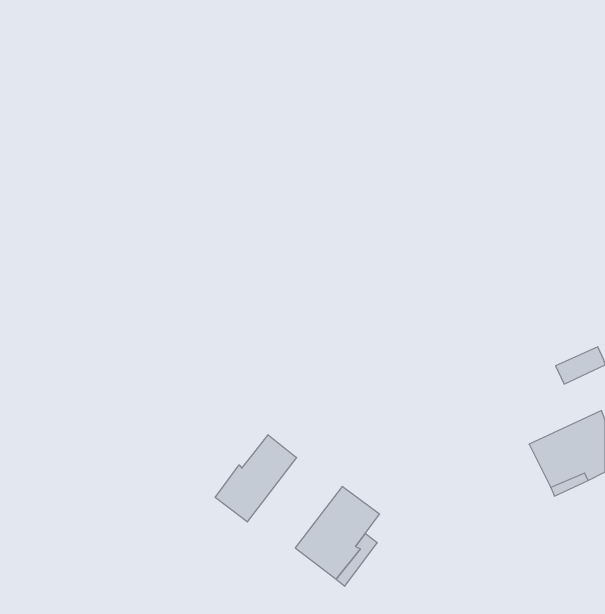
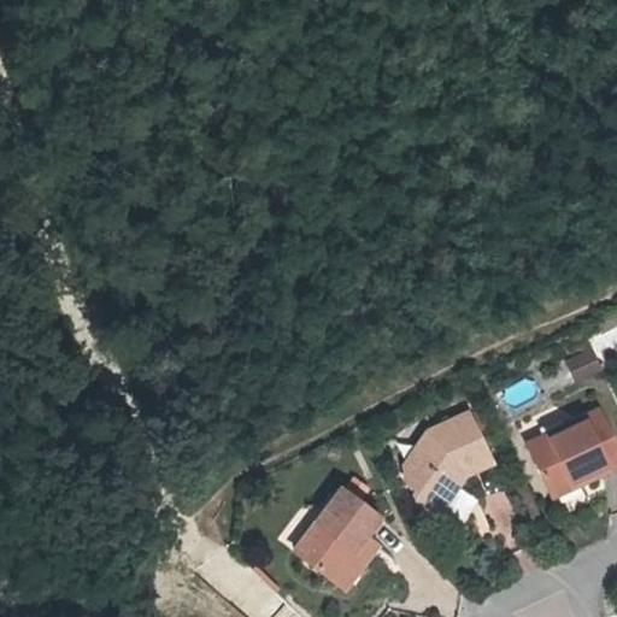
building: none -> [405,413,493,516]
building: [215,435,297,522] -> none

